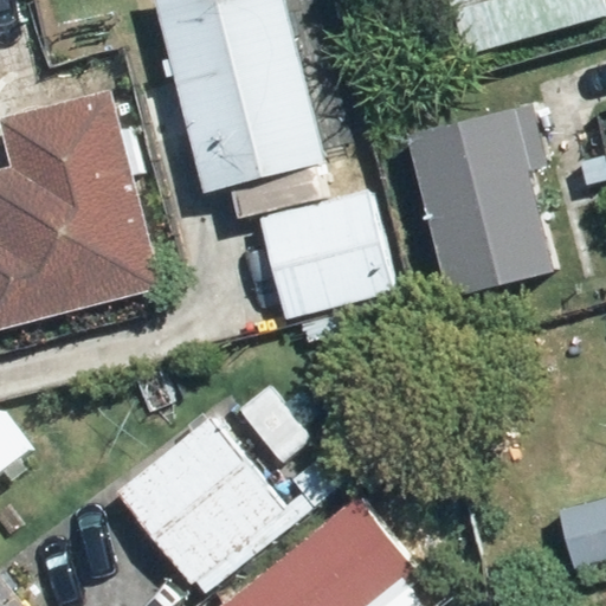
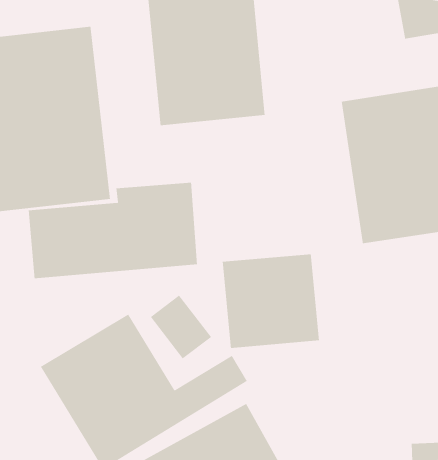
building: [259,194,385,317] -> [222,253,320,349]
building: none -> [28,182,198,279]

